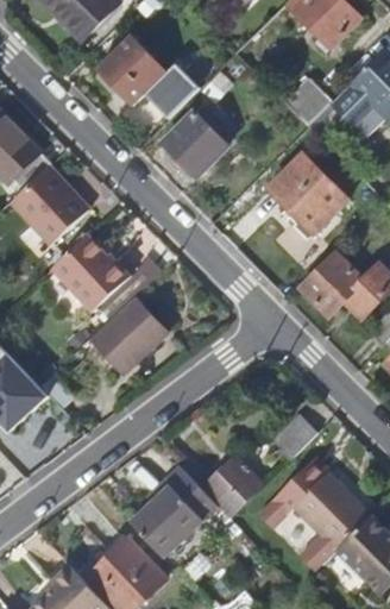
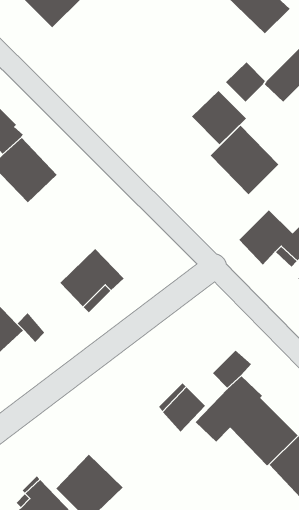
building: [97,39,202,119] -> none
building: [163,113,228,177] -> [191,90,247,145]
building: [49,234,128,312] -> none
building: [131,464,220,559] -> none

